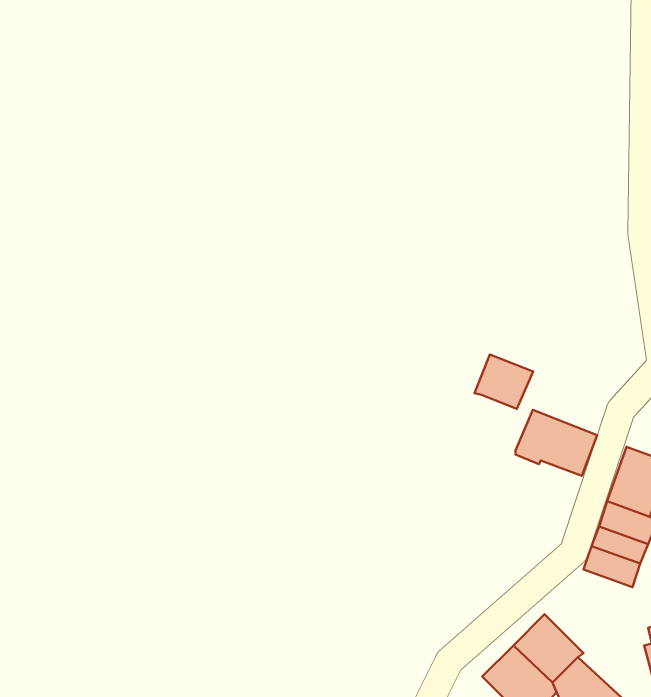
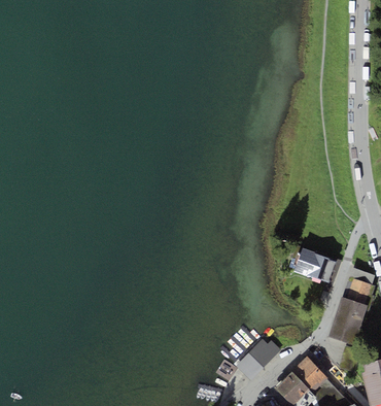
building: [474,354,533,409] -> none
building: none -> [235,337,279,381]

